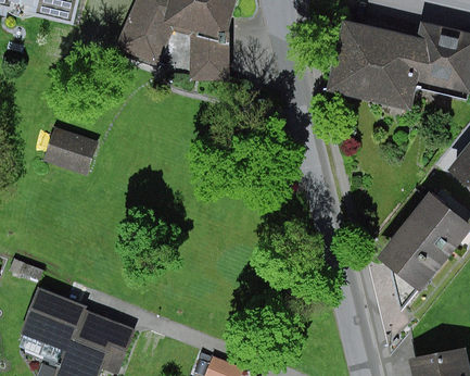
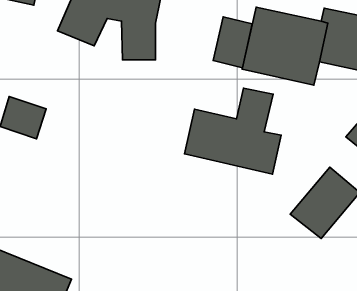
building: none -> [213,17,252,68]
building: none -> [185,88,281,174]

